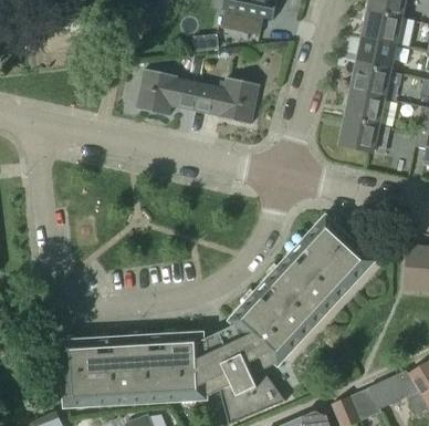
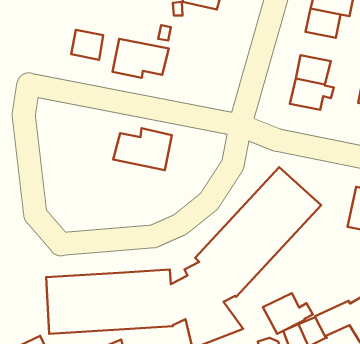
building: none -> [71,30,103,60]
building: [350,64,390,97] -> none
building: [193,77,260,125] -> [113,128,172,170]
building: none -> [263,293,313,334]

